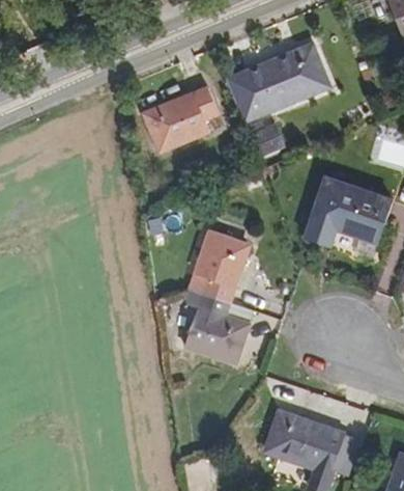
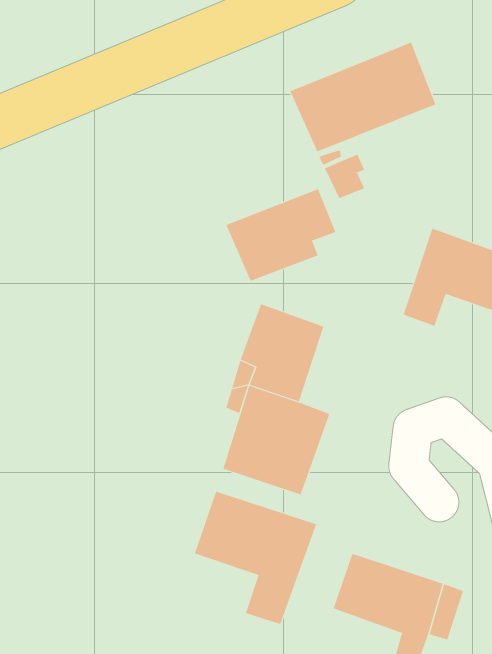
building: [141,85,220,152] -> [226,189,336,281]
building: none -> [194,491,317,625]

